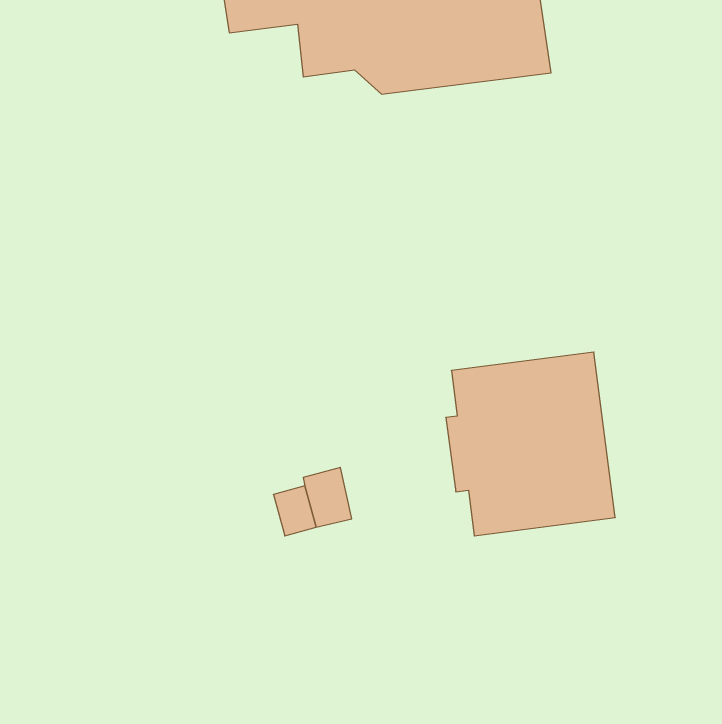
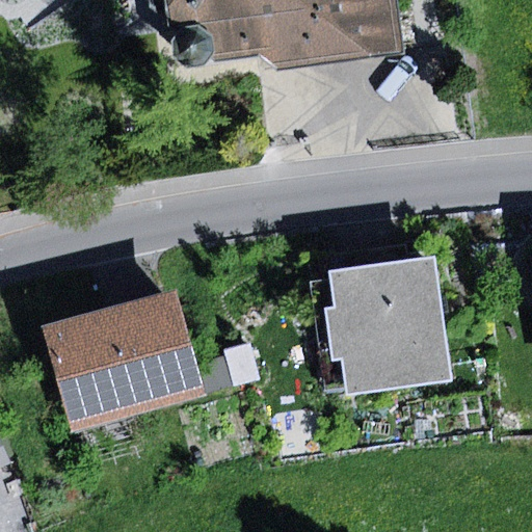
building: none -> [44,292,200,421]

